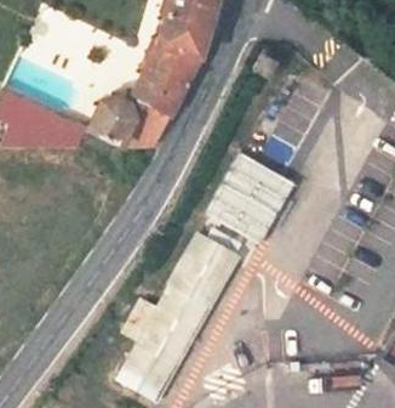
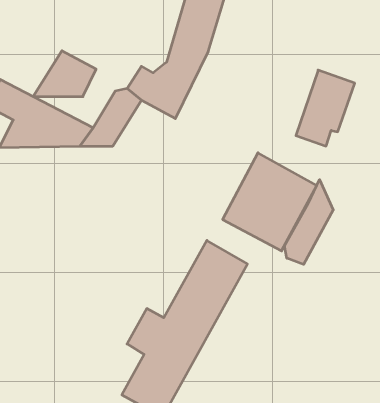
building: [109,104,167,147] -> [33,51,96,97]
building: none -> [284,180,333,264]

